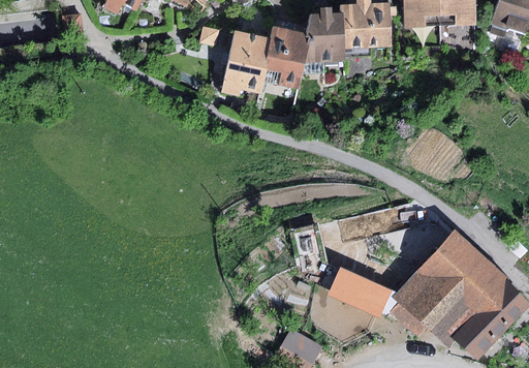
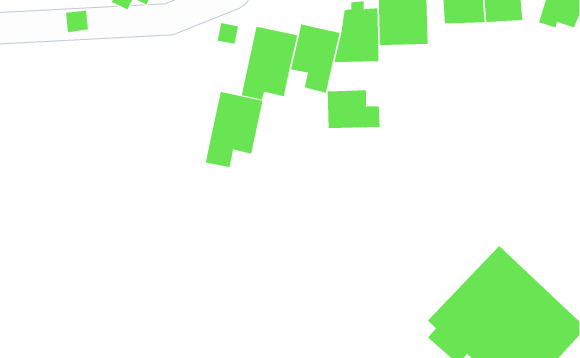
building: none -> [327,90,380,129]
building: none -> [205,91,263,168]
building: [329,268,391,316] -> none

